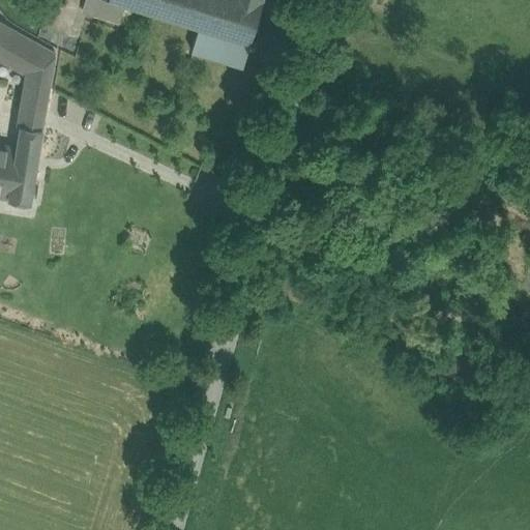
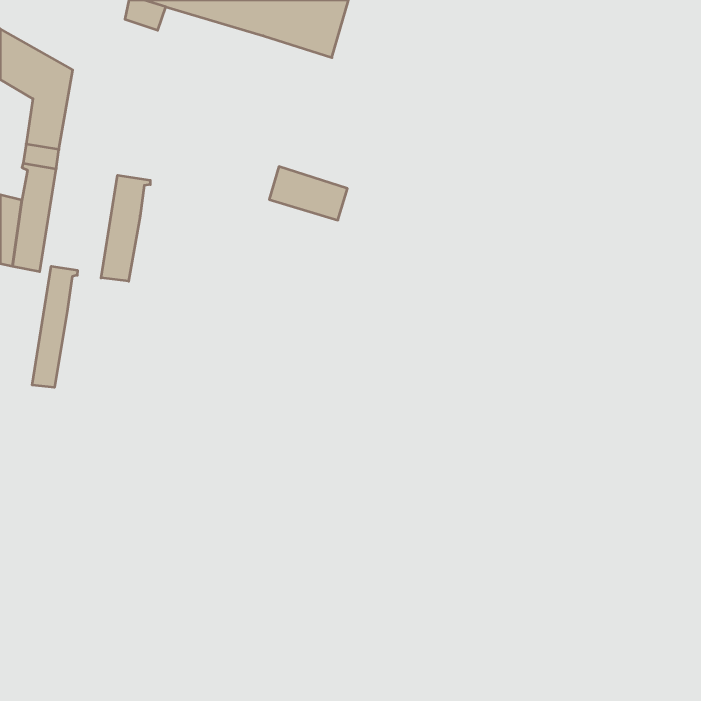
building: [192,27,251,67] -> [269,167,347,220]
building: none -> [101,175,150,281]
building: none -> [32,266,77,387]

